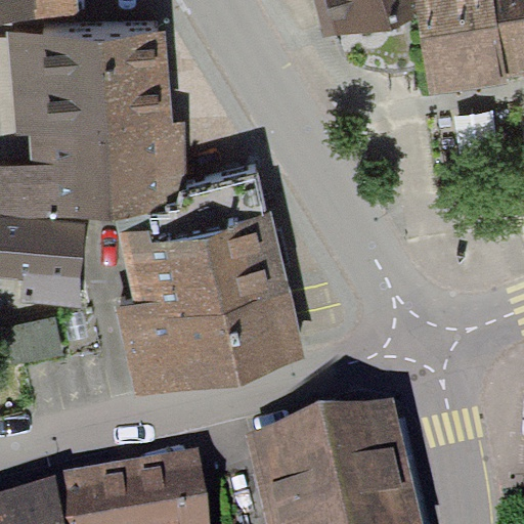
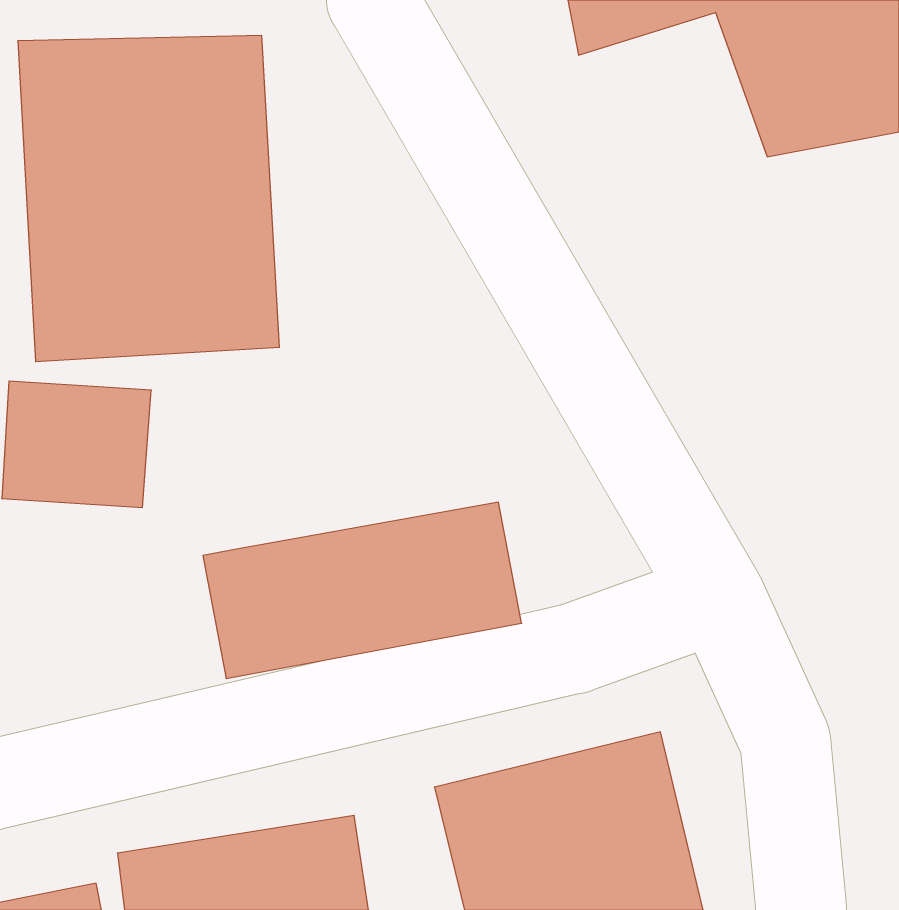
building: [122,202,287,315] -> none

